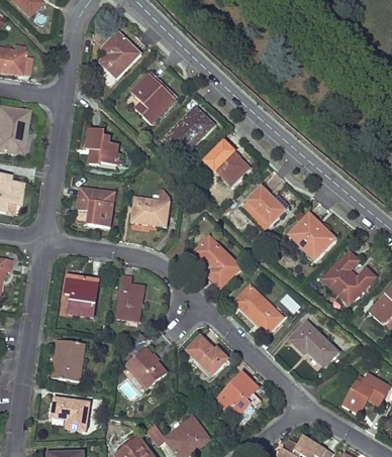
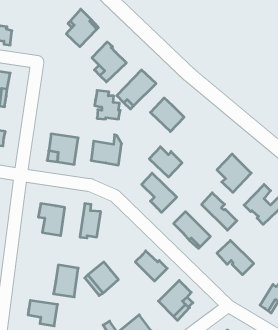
building: [87,127,119,163] -> [95,90,120,119]
building: [247,185,288,223] -> [149,147,182,177]
building: none -> [202,193,237,230]
building: [53,339,84,379] -> [53,265,78,297]

